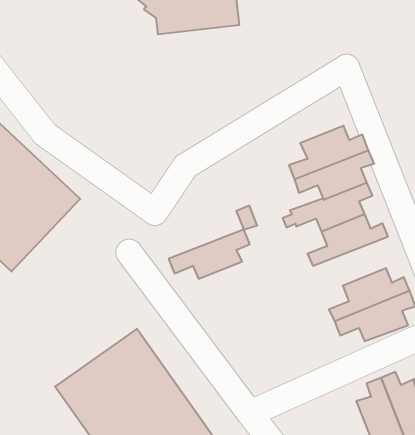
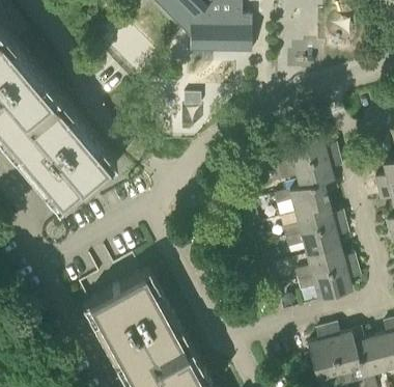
building: [169,230,250,279] -> [286,222,348,255]

